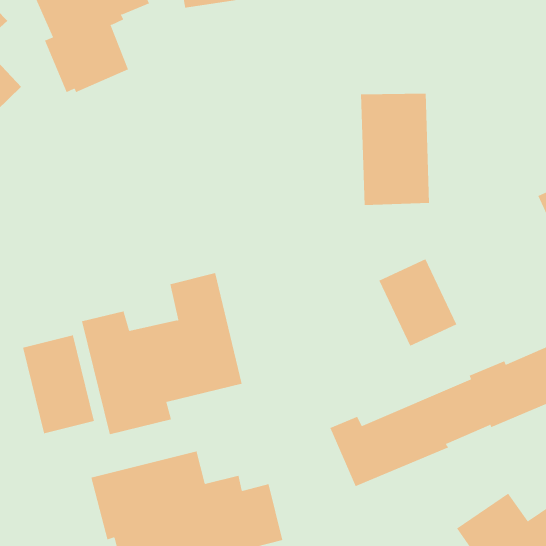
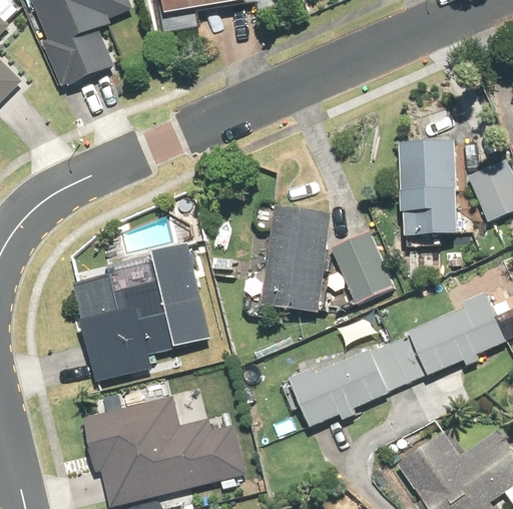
building: [360,93,430,206] -> [397,140,457,237]
building: none -> [261,204,333,314]
building: [23,334,95,434] -> none

